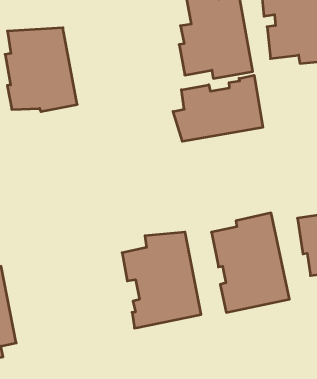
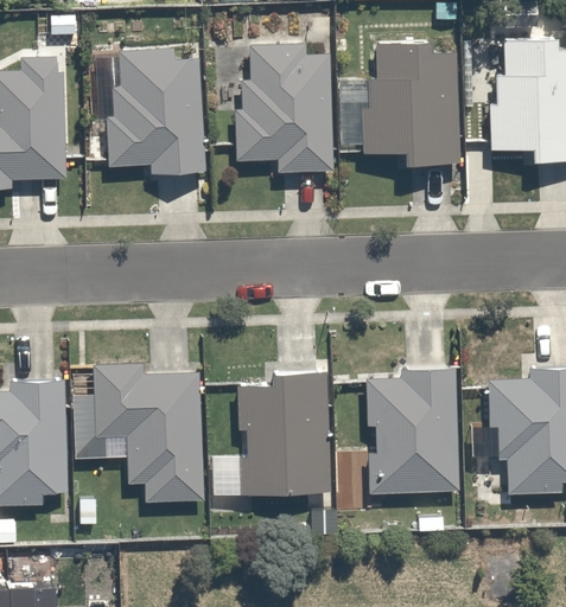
building: none -> [234,46,332,173]
building: [173,75,263,141] -> none
building: none -> [93,363,199,500]

